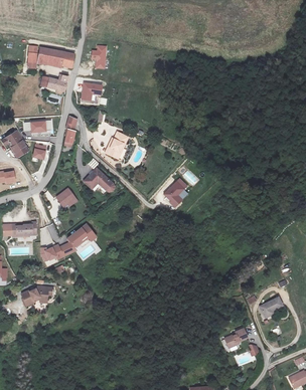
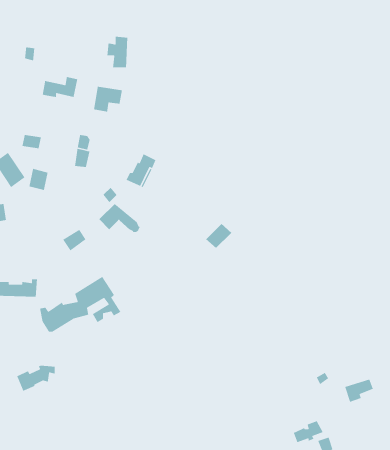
building: [38,46,73,64] -> none

